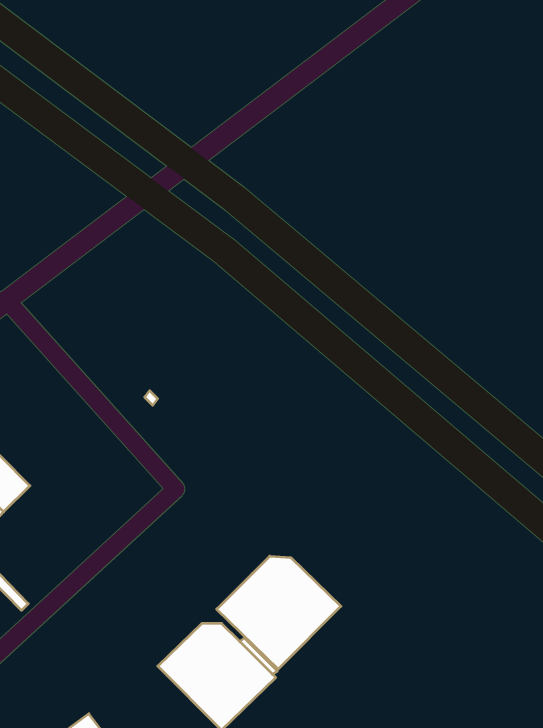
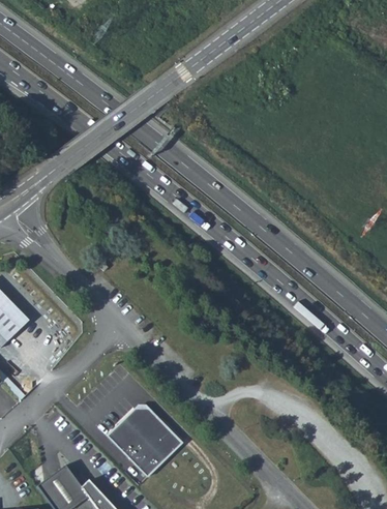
building: [217,556,341,669] -> none

